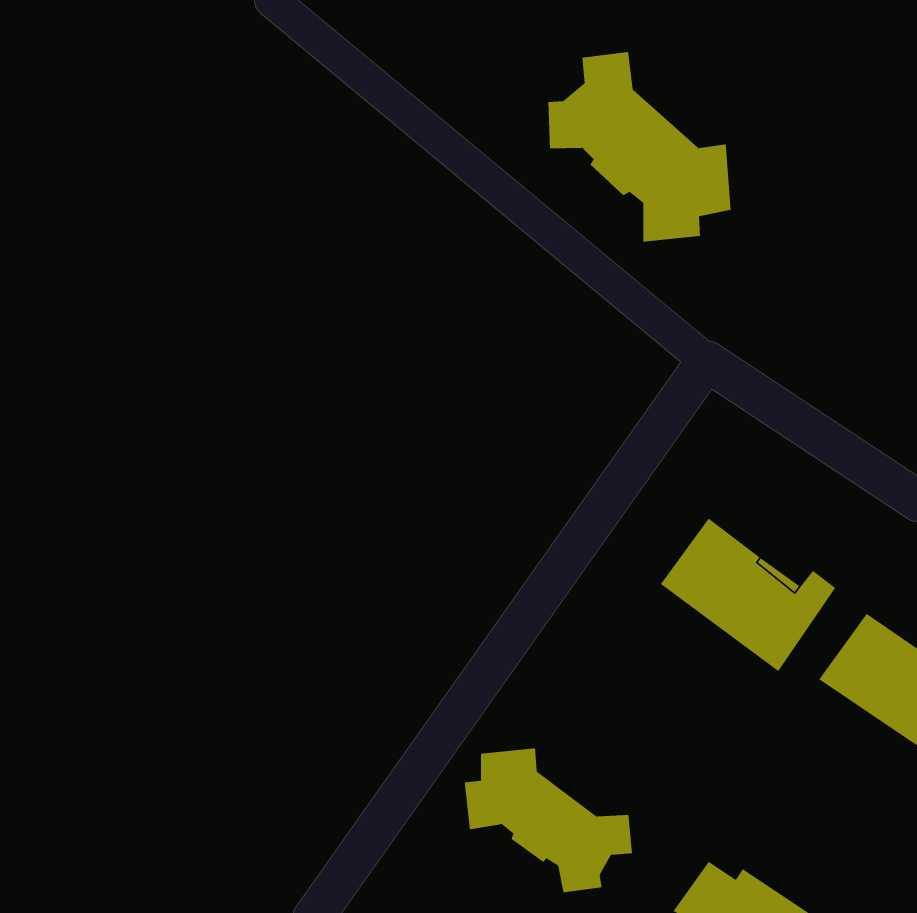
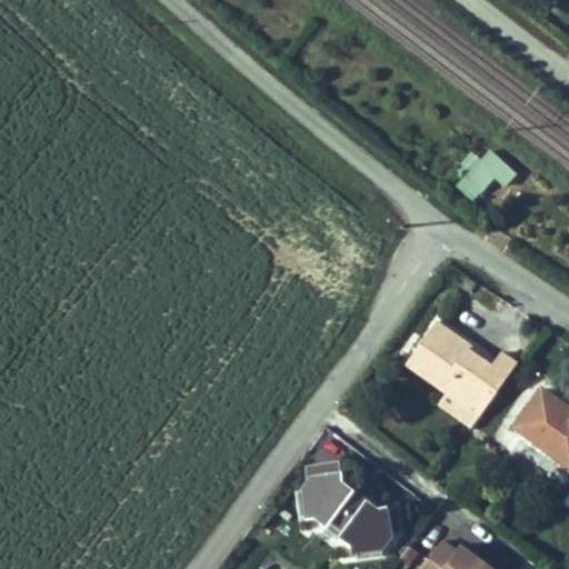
building: [548,51,732,242] -> none
building: none -> [450,147,519,206]

